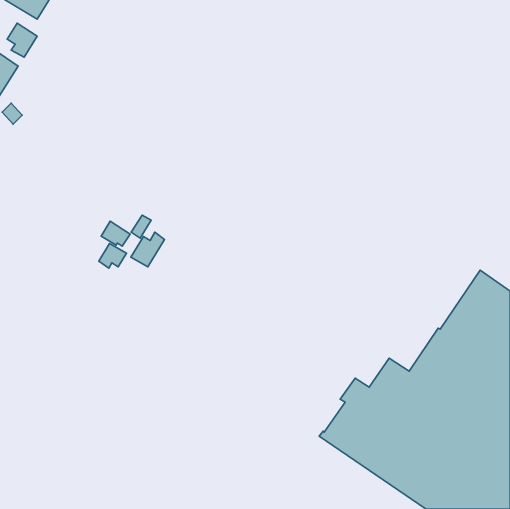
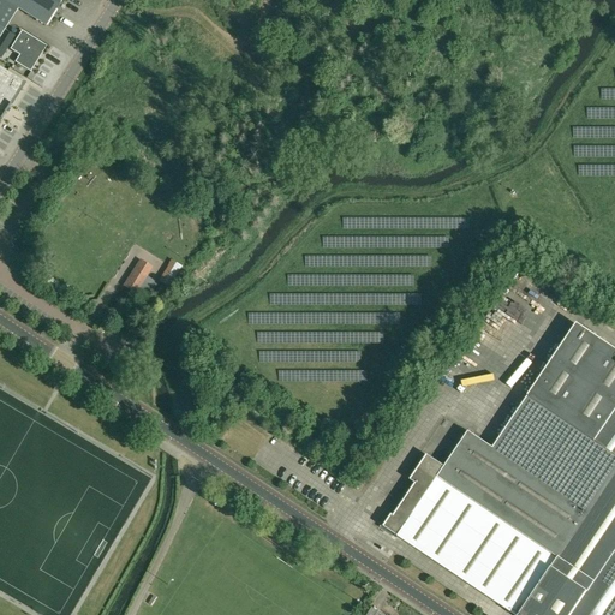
building: [131,232,165,267] -> none
building: [99,244,126,268] -> none

